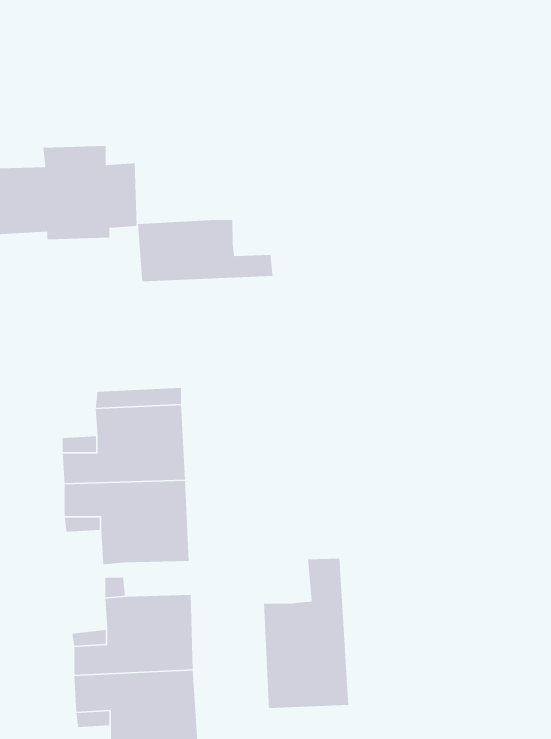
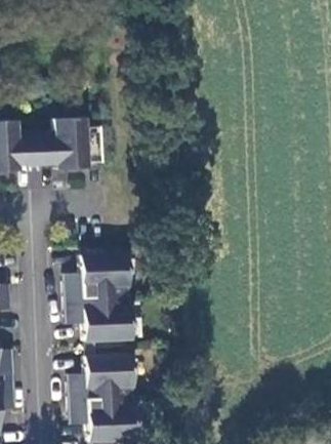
building: [137,219,274,282] -> none
building: [263,558,349,709] -> none

